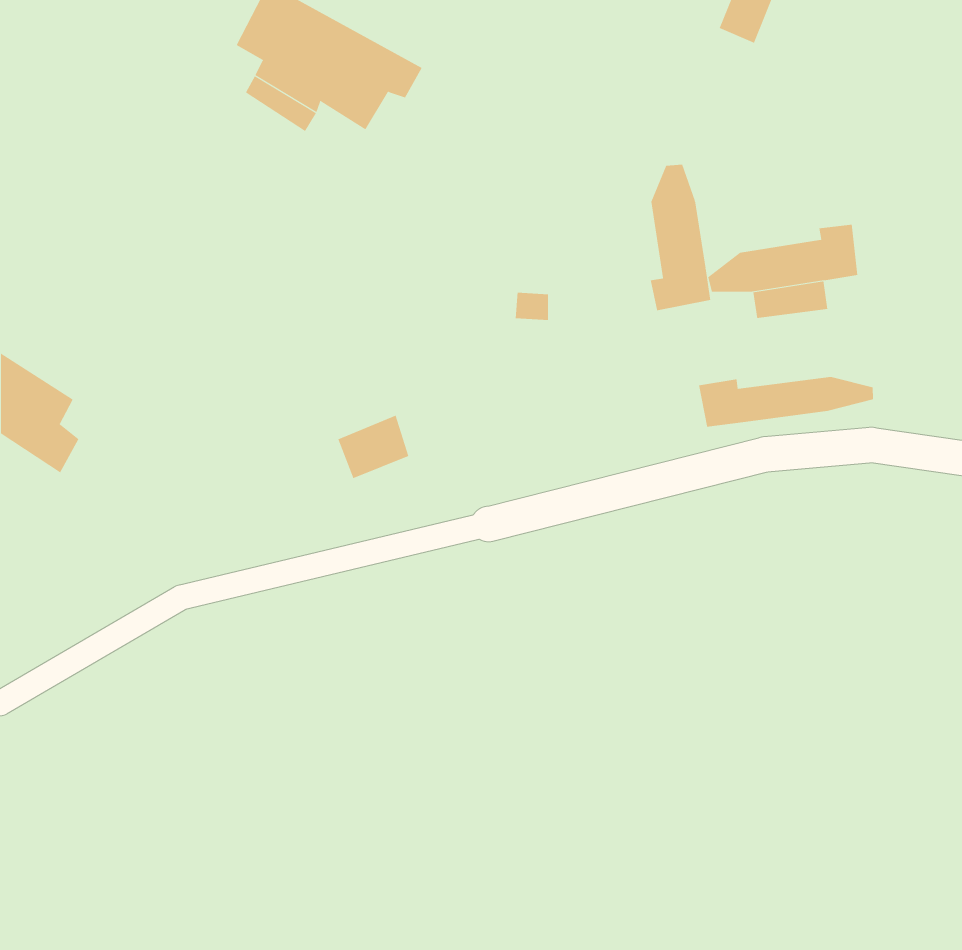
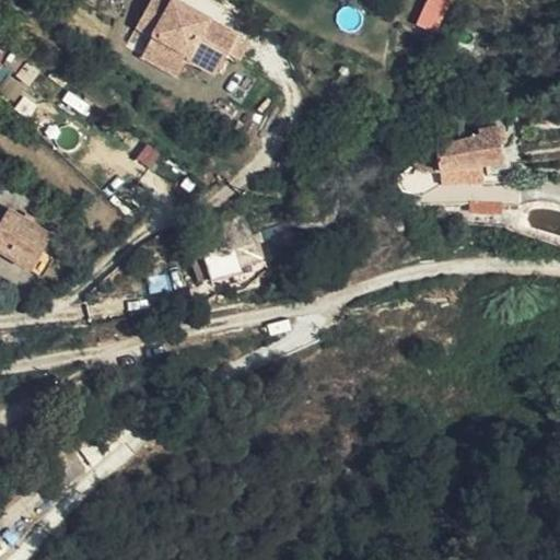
building: [650,164,711,311] -> none
building: [699,376,873,427] -> none

